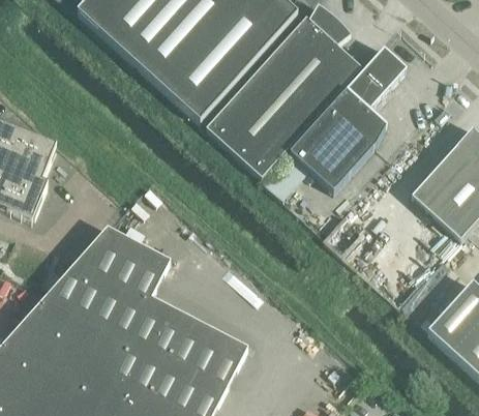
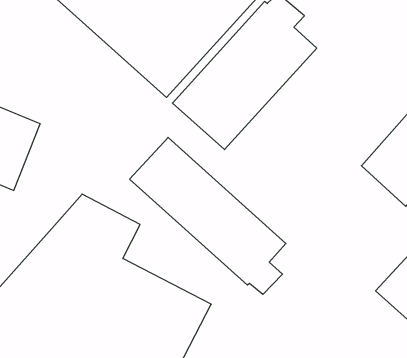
building: [290,47,408,190] -> none
building: none -> [130,137,286,294]

